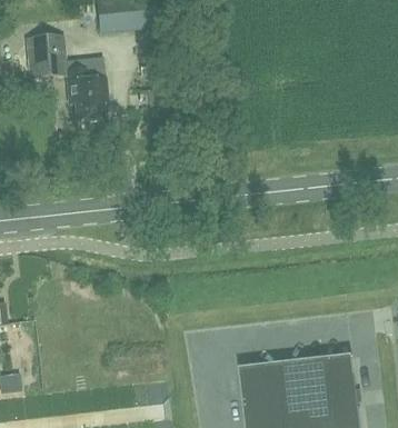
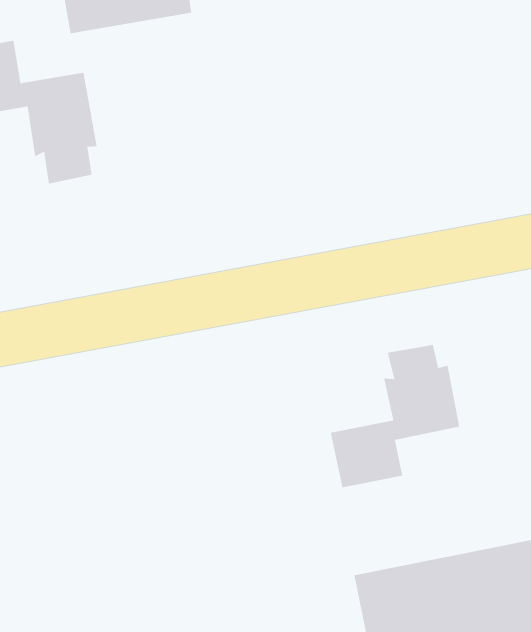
building: none -> [330,344,460,488]

